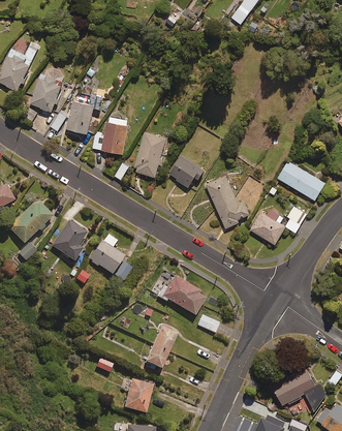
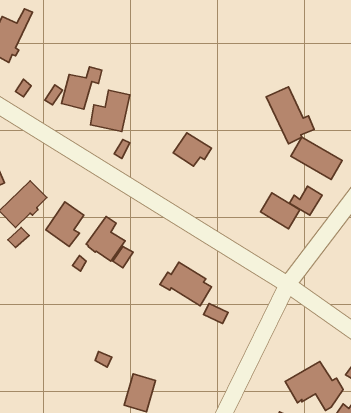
building: [29,66,62,113] -> none
building: [132,132,165,178] -> none
building: [205,176,249,228] -> [266,87,314,144]
building: [144,328,176,371] -> none

